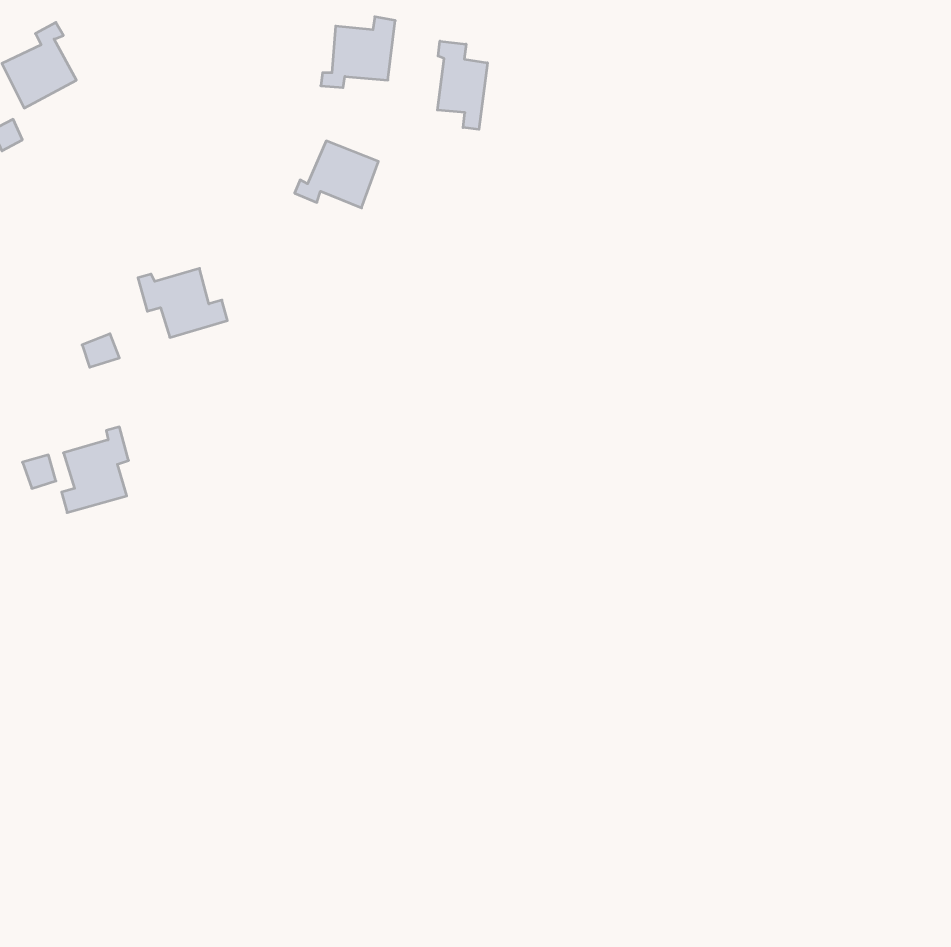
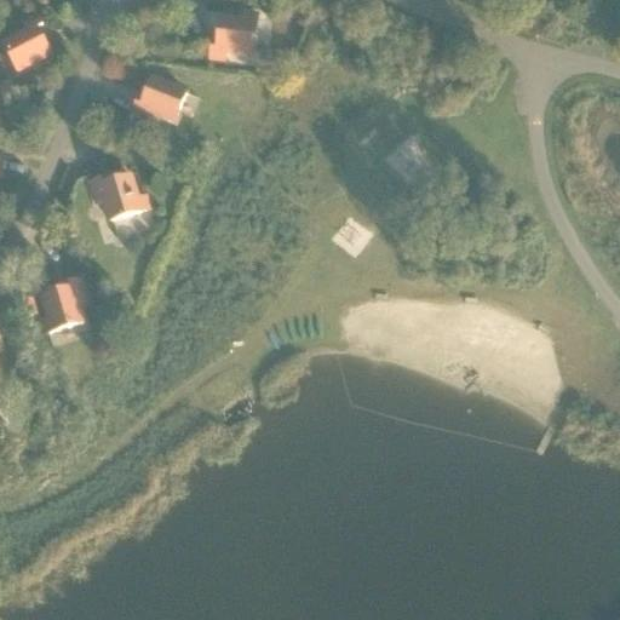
building: [437,41,487,129] -> none
building: [295,141,378,208] -> [131,76,185,120]

